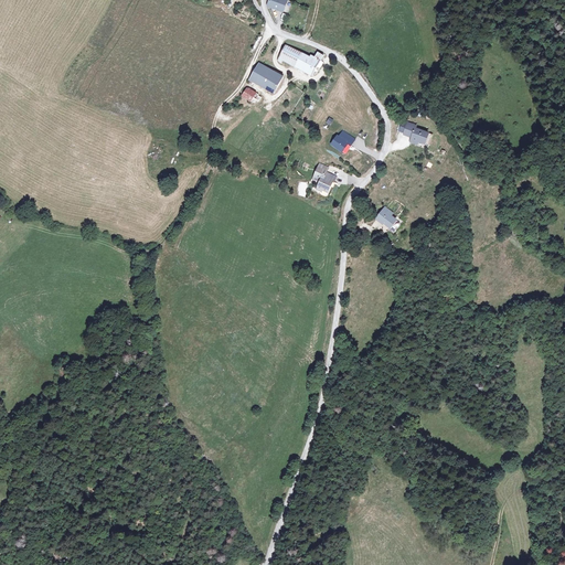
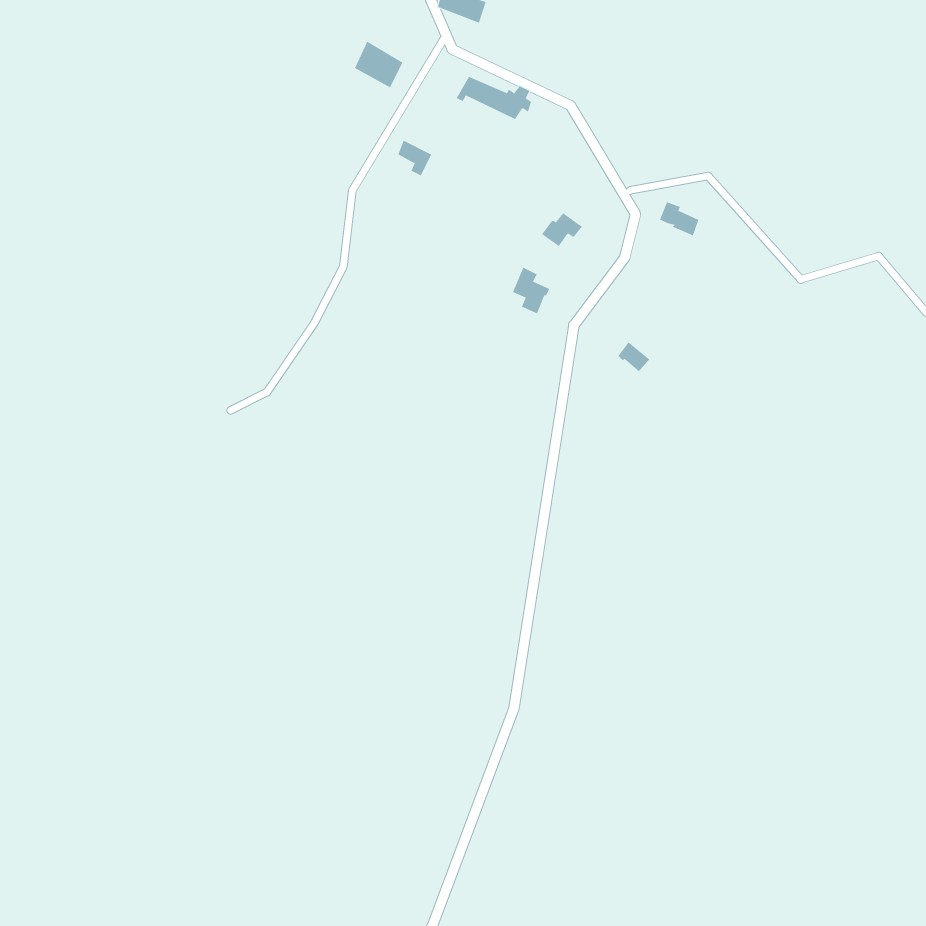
building: [250,62,280,90] -> [354,41,403,88]

